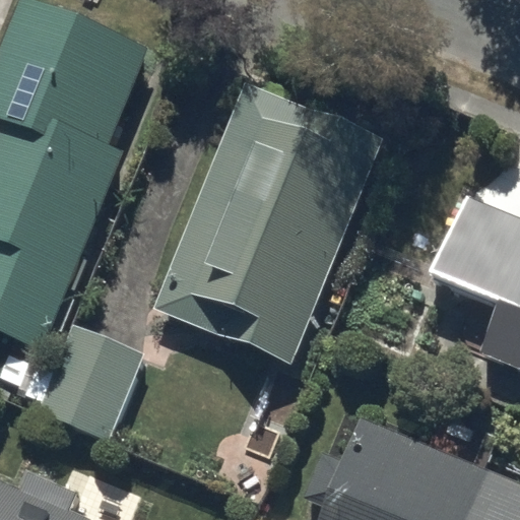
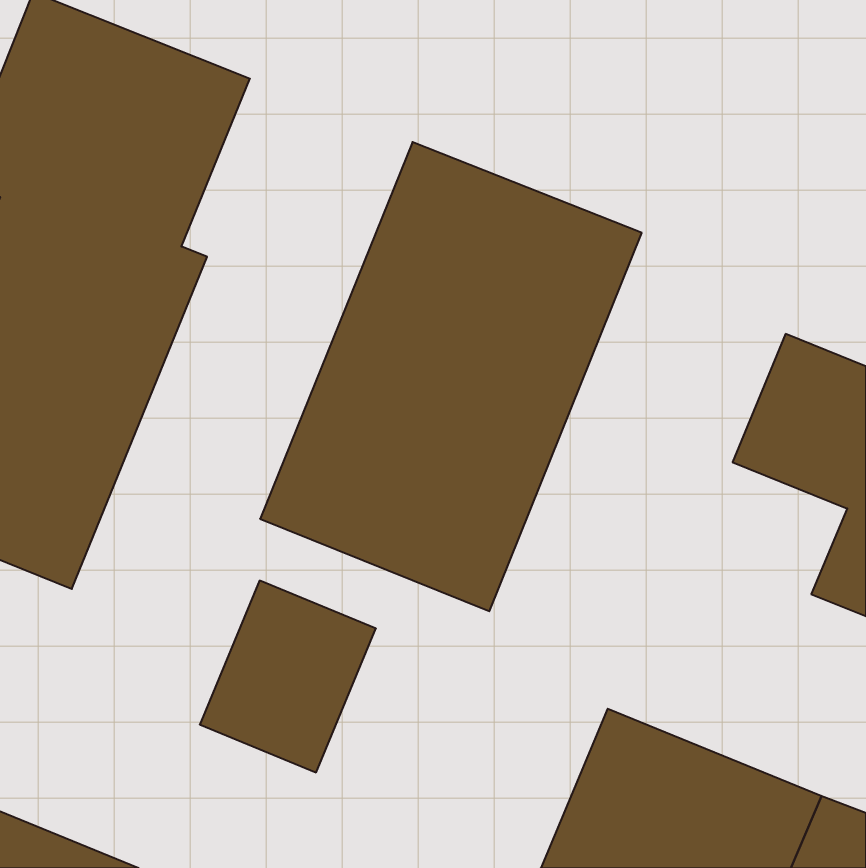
building: [38,326,142,440] -> [200,581,376,772]

